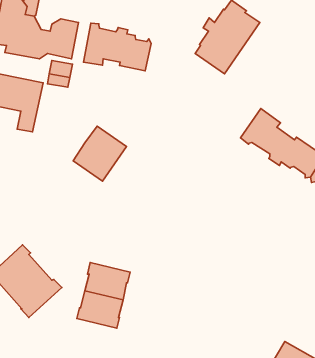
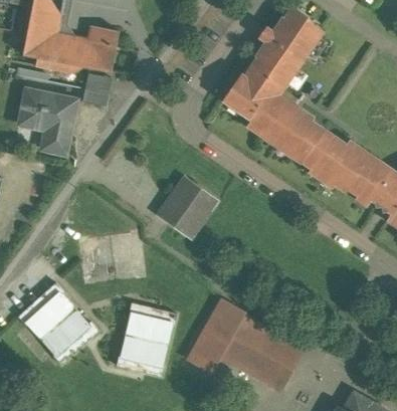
building: [84,23,151,71] -> none
building: none -> [226,66,325,163]
building: [73,126,127,181] -> [158,177,218,239]
building: none -> [192,300,297,385]

